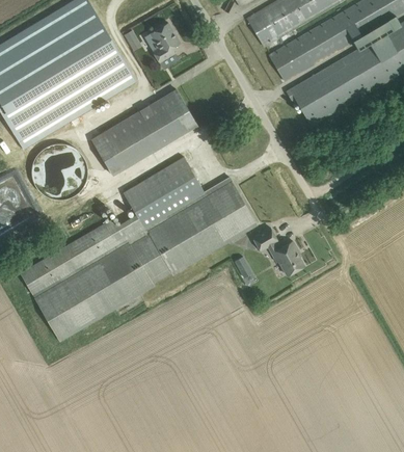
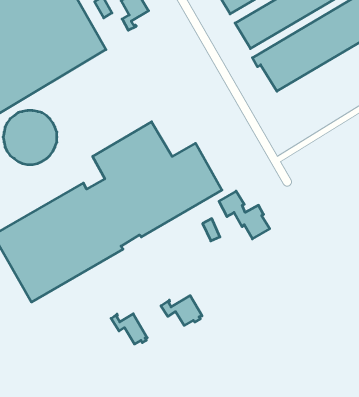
building: [90,88,199,175] -> none
building: none -> [161,296,202,325]
building: none -> [111,314,147,344]

